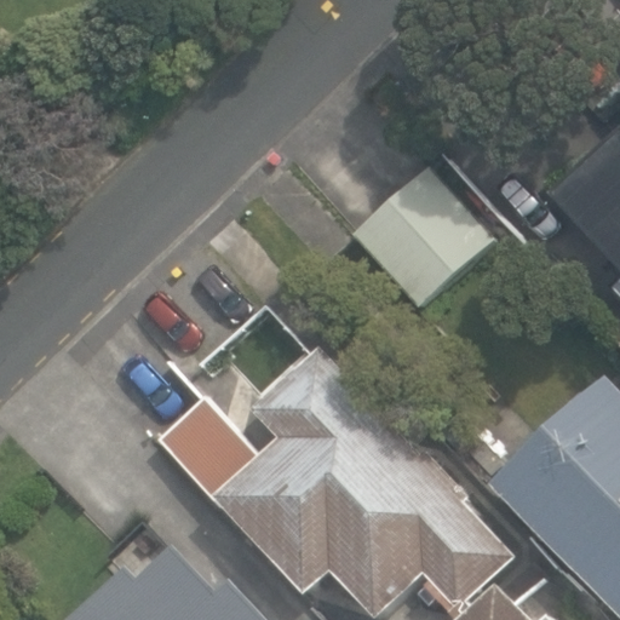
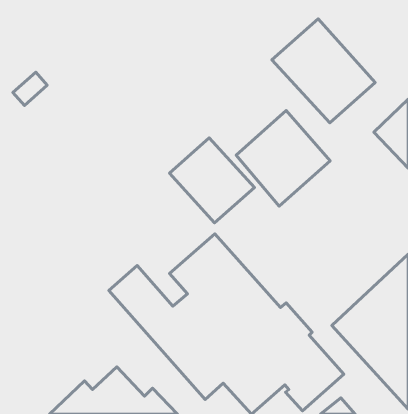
building: none -> [272,19,375,123]
building: none -> [169,138,255,223]

